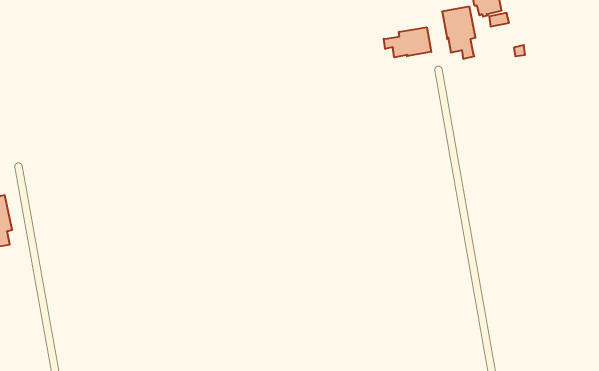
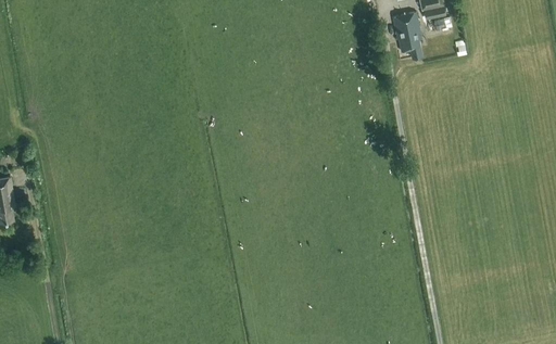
building: [384,27,431,57] -> none

